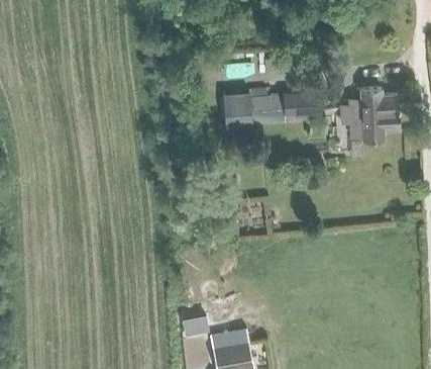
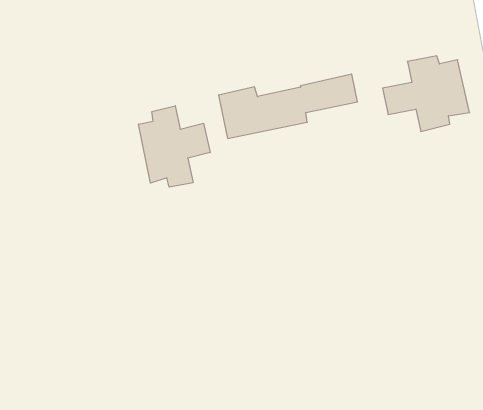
building: none -> [139,106,210,187]

